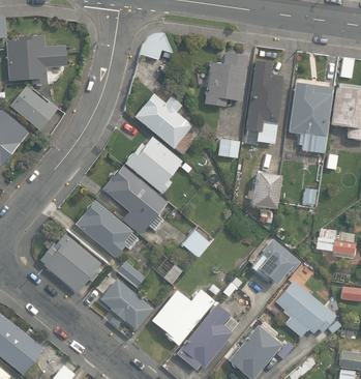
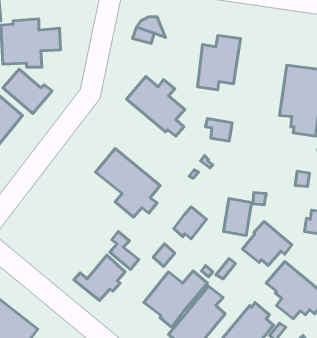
building: [245,60,283,144] -> none
building: [125,136,182,194] -> none
building: [252,172,280,209] -> [224,199,251,236]
building: [74,200,139,258] -> none
building: [39,233,101,293] -> none
building: [118,294,158,336] -> none

